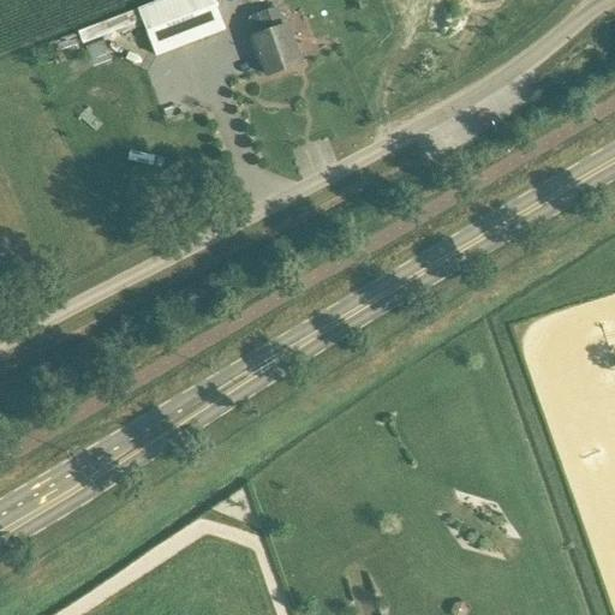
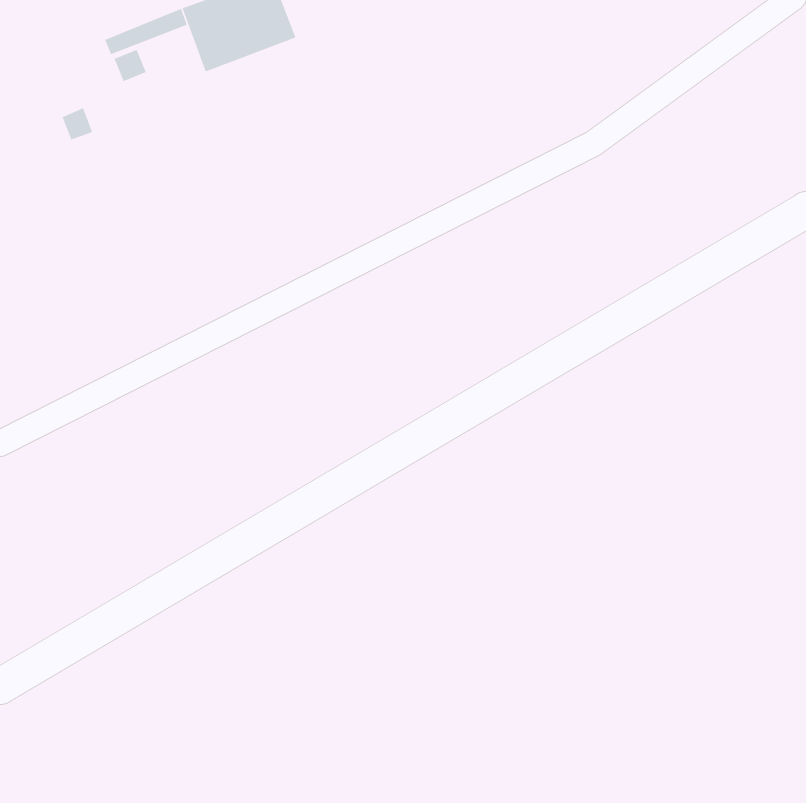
building: [249,6,301,73] -> none

